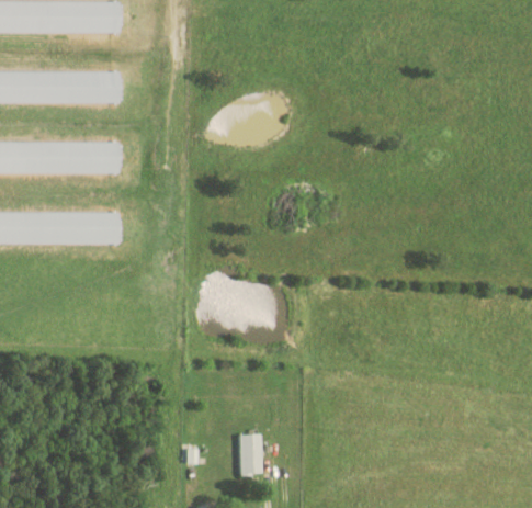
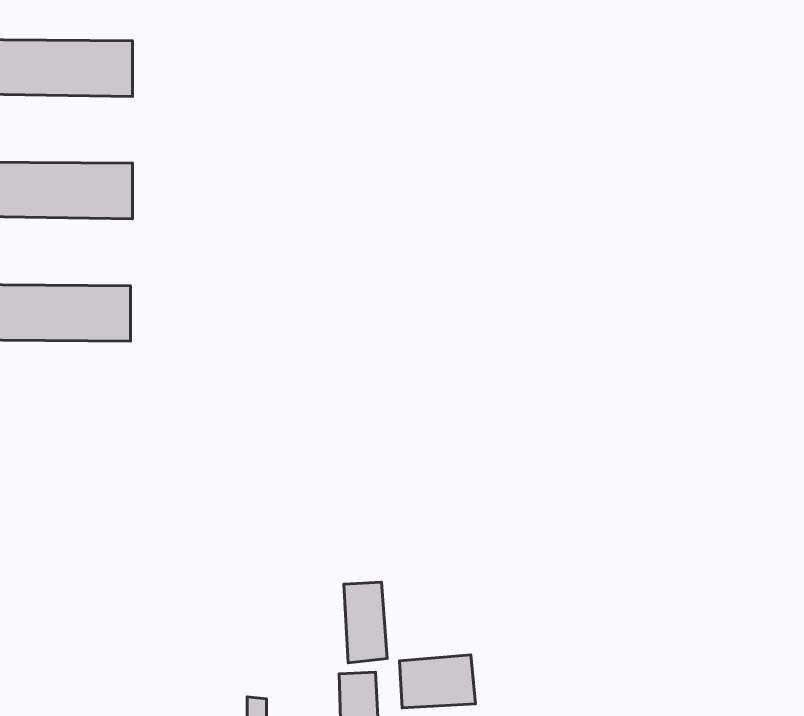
building: none -> [344,582,387,663]
building: none -> [400,655,475,708]

